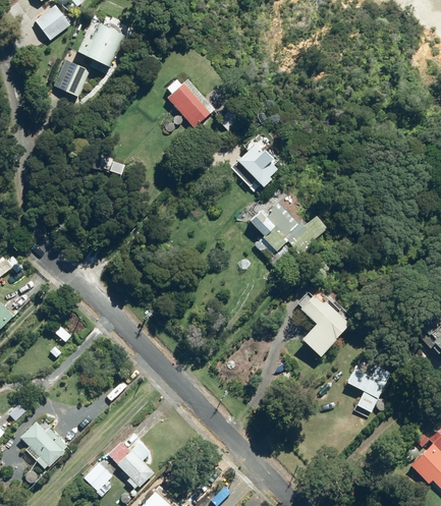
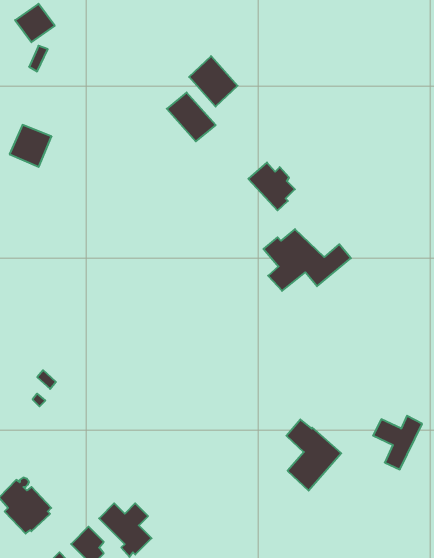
building: [79,22,124,69] -> none
building: none -> [189,56,238,107]
building: [53,60,90,97] -> [10,125,52,167]
building: [301,294,349,356] -> [286,419,341,491]

